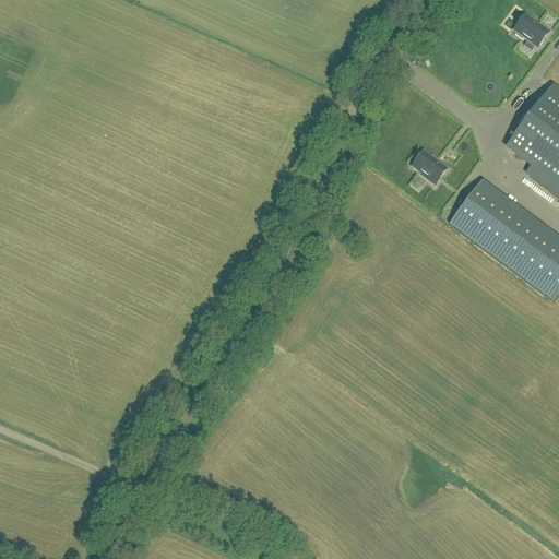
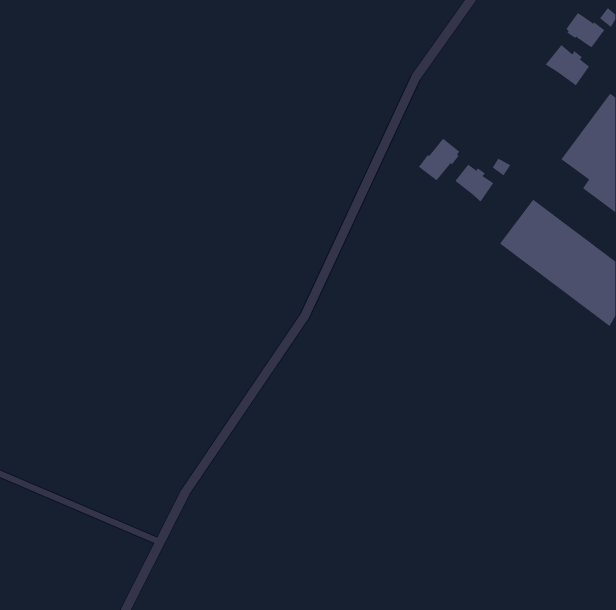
building: none -> [545,44,590,86]
building: none -> [418,138,460,181]

